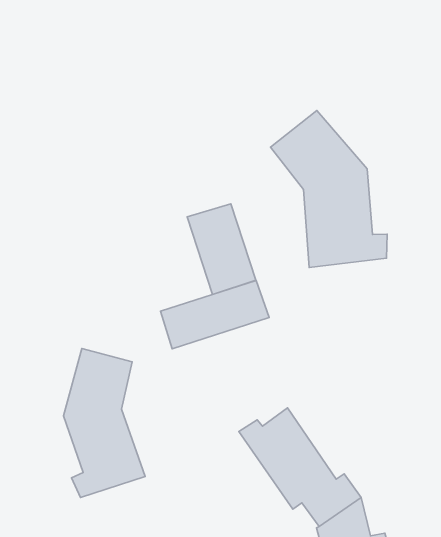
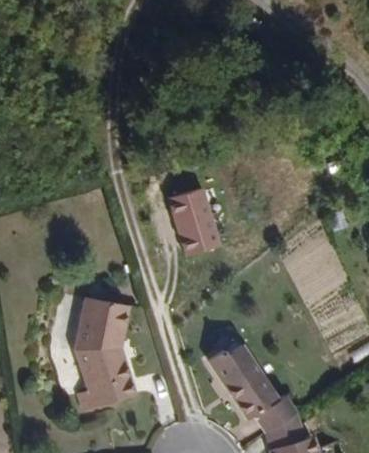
building: [271,111,387,268] -> none
building: [161,281,269,349] -> none

